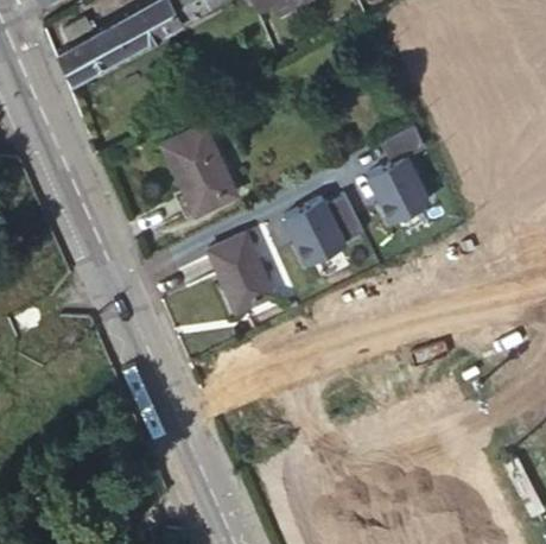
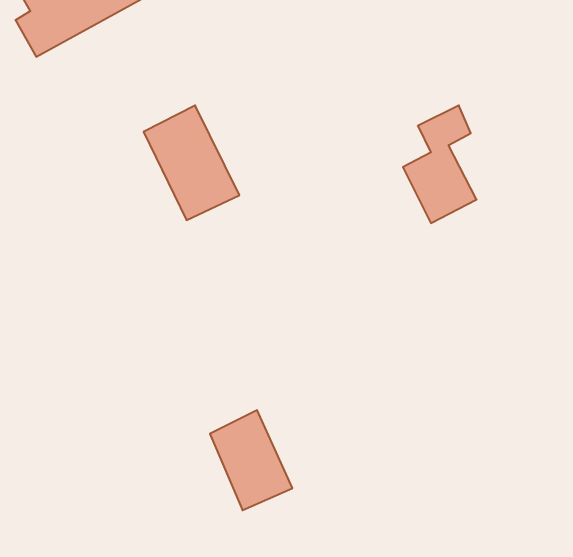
building: [287,194,366,261] -> none
building: [208,234,274,315] -> [210,410,292,510]

